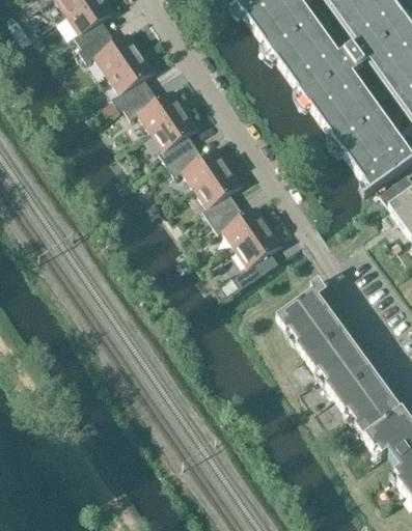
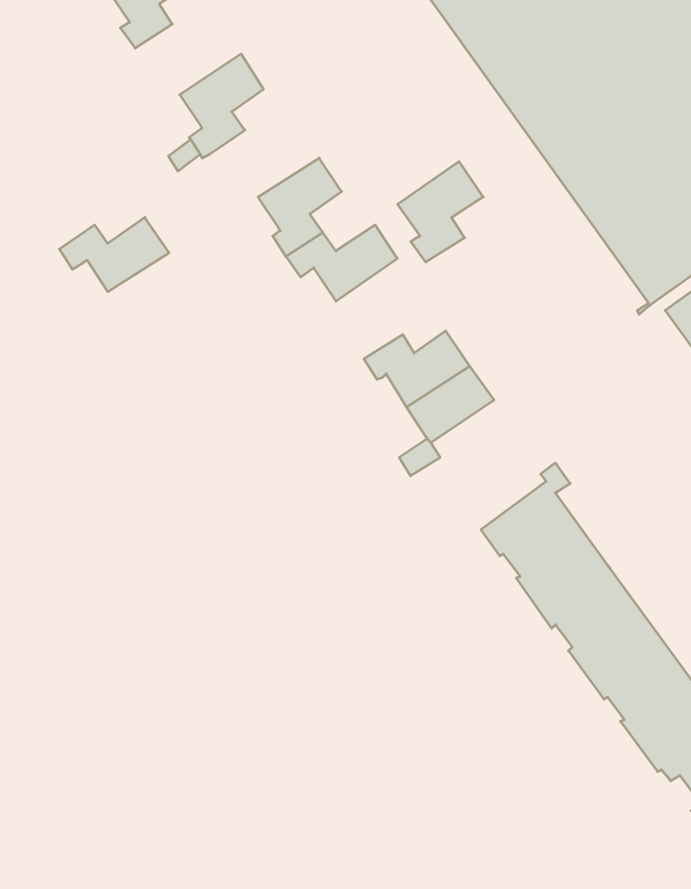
building: [81,29,143,71] -> none
building: [126,86,187,128] -> [59,217,169,292]
building: [196,162,244,218] -> [398,162,483,262]

